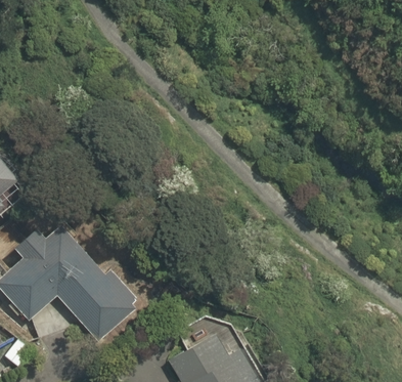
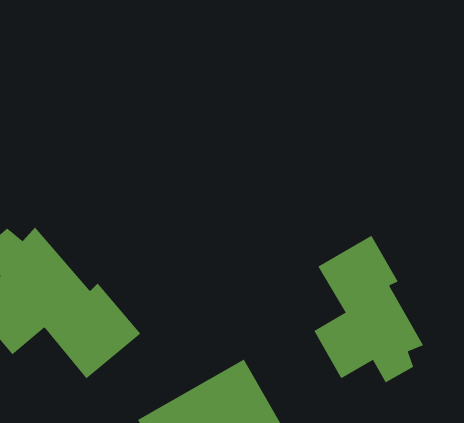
building: none -> [314,235,424,383]

